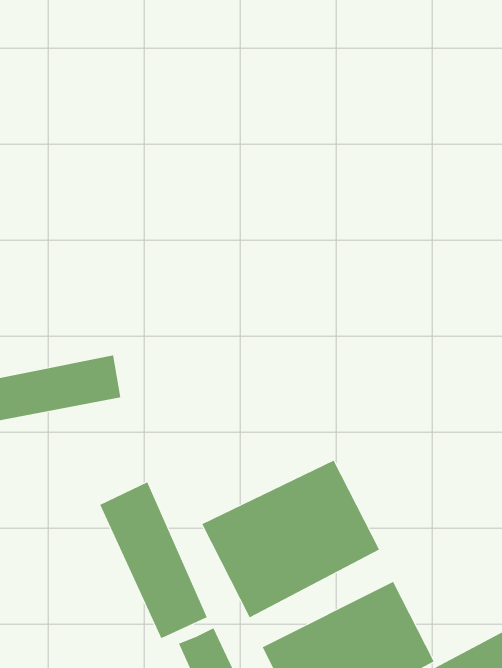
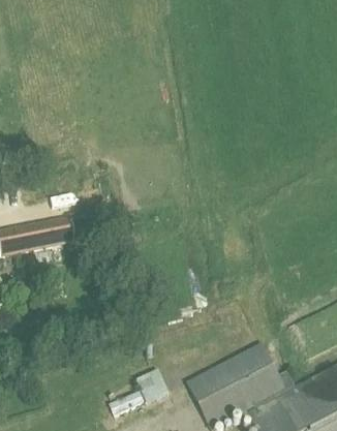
building: [202,460,380,618] -> none
building: [99,482,207,639] -> none

